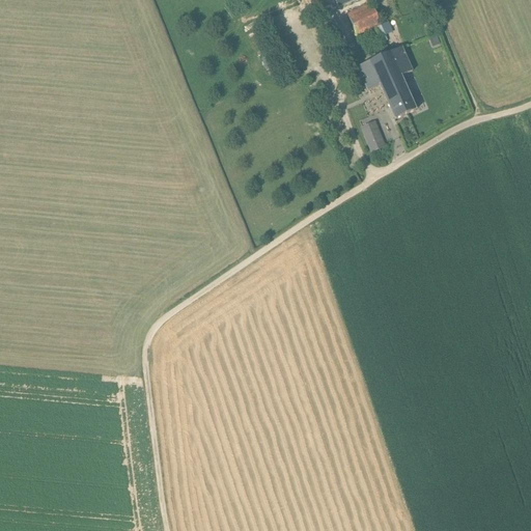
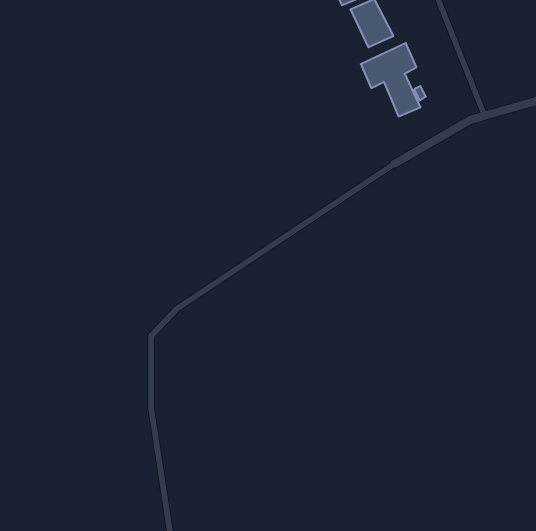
building: [360,117,386,149] -> none

